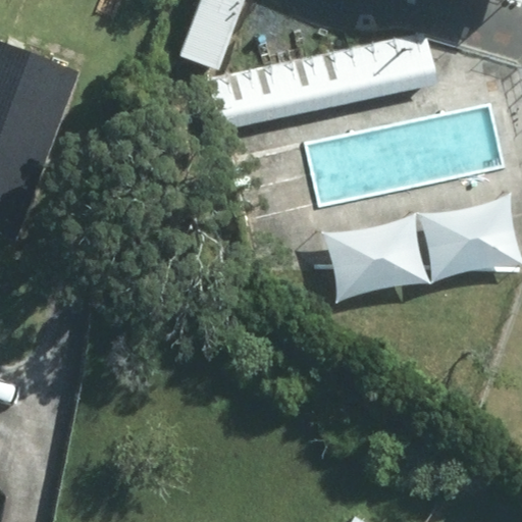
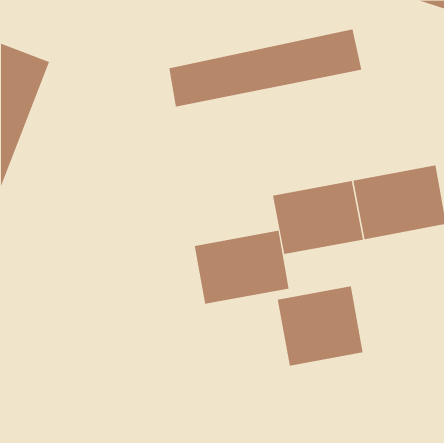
building: none -> [194,230,289,305]
building: none -> [277,286,363,367]

